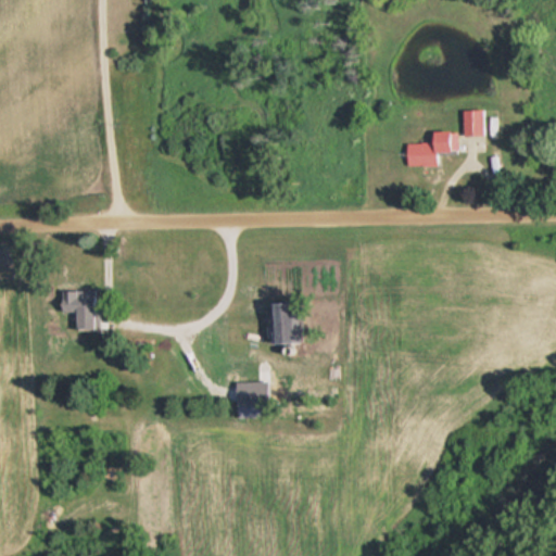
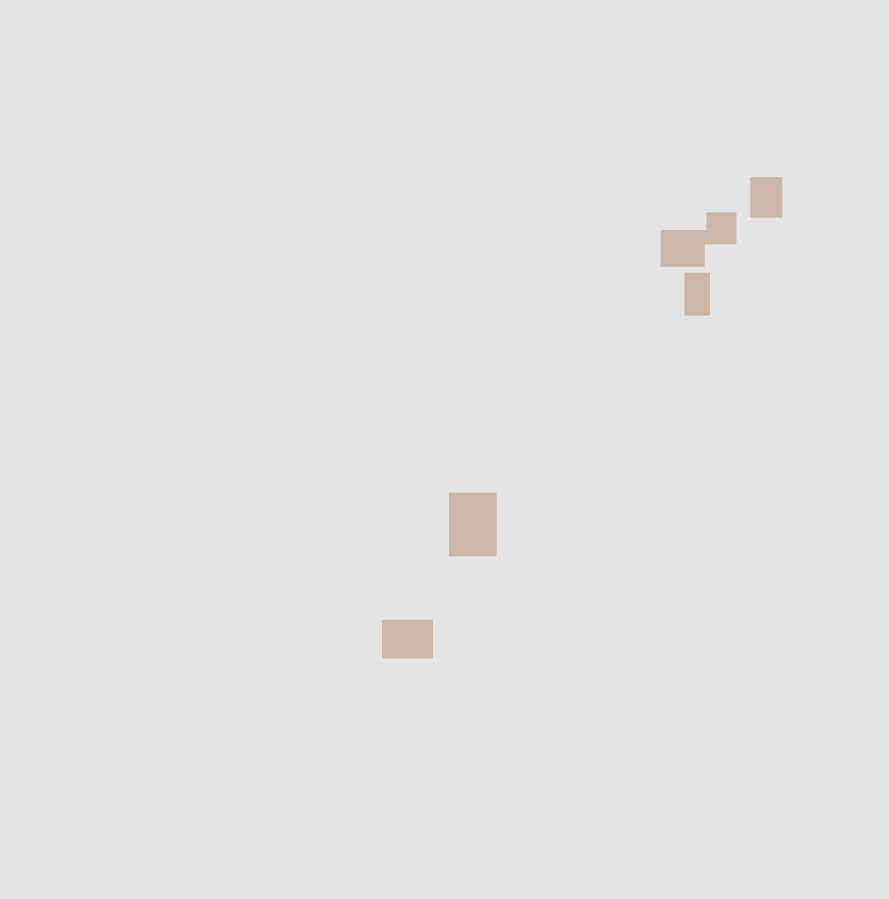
building: none -> [684,272,711,317]
building: [62,292,97,330] -> none

